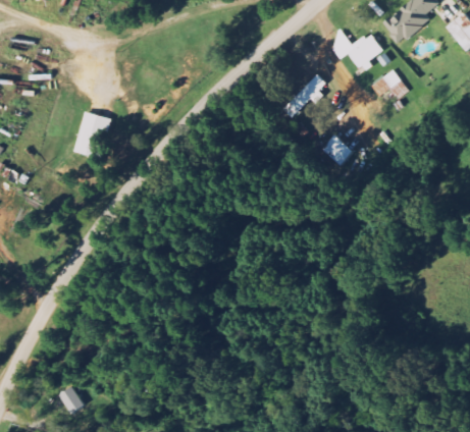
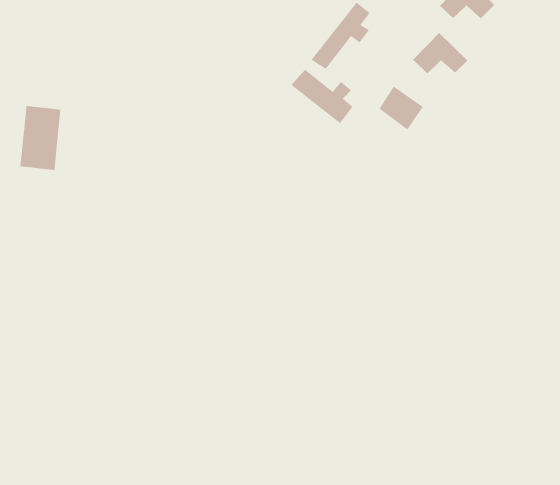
building: none -> [412,32,468,74]
building: none -> [291,69,353,124]

